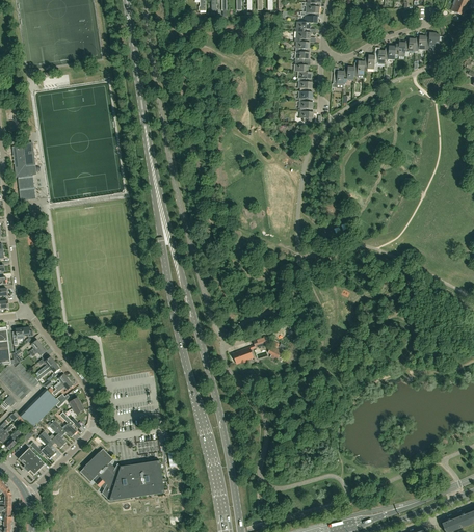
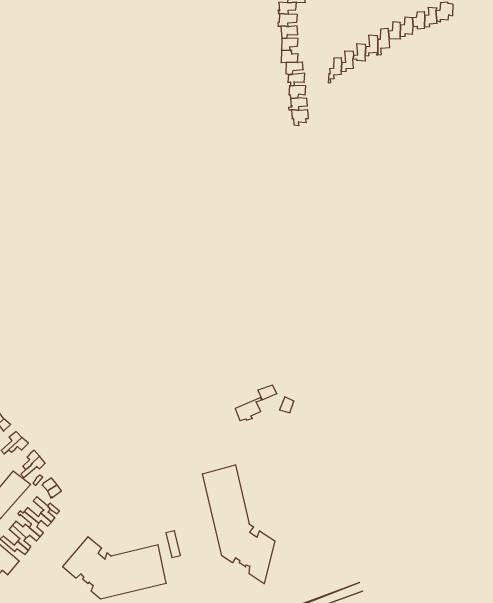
building: none -> [202,465,275,584]

